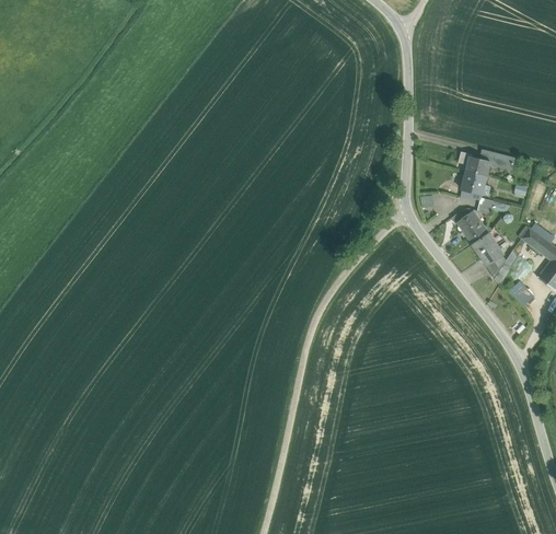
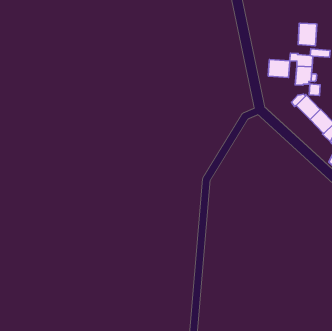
building: none -> [298,23,317,46]
building: none -> [268,60,290,78]

